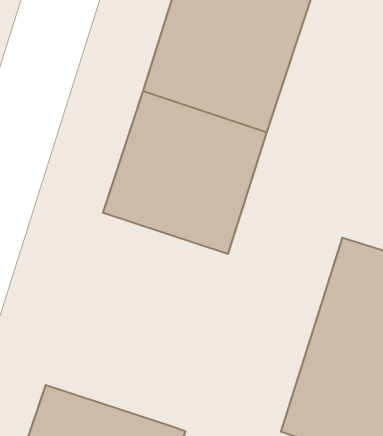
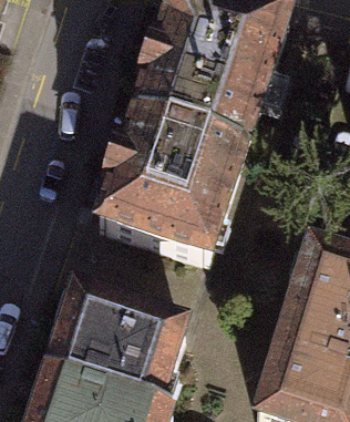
building: none -> [47,290,185,408]

